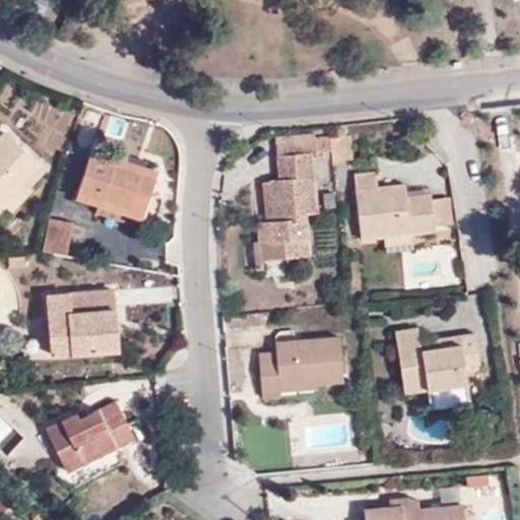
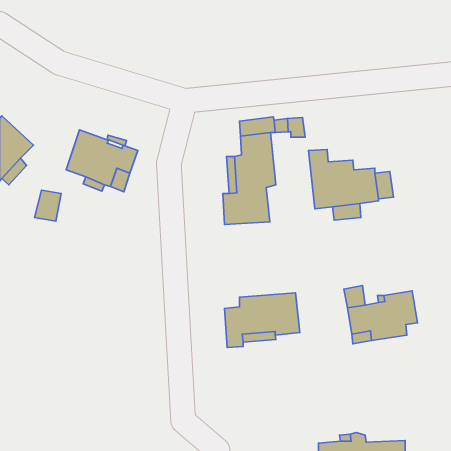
building: [46,289,118,358] -> none
building: [46,400,134,471] -> none

